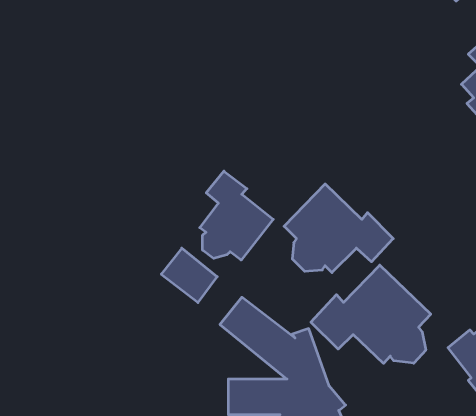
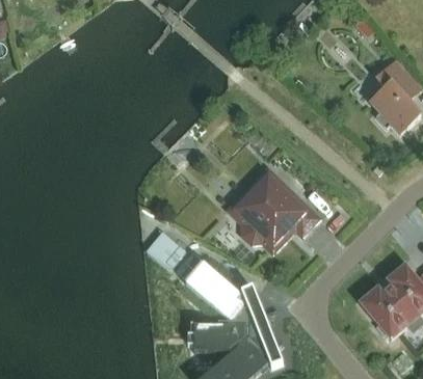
building: [200,171,273,260] -> none
building: [311,265,431,363] -> none

